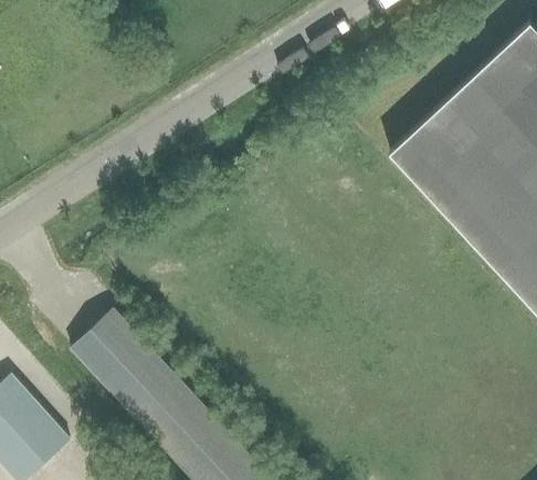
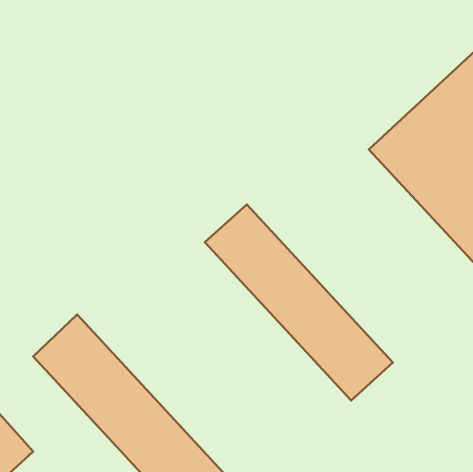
building: none -> [205,204,393,400]

